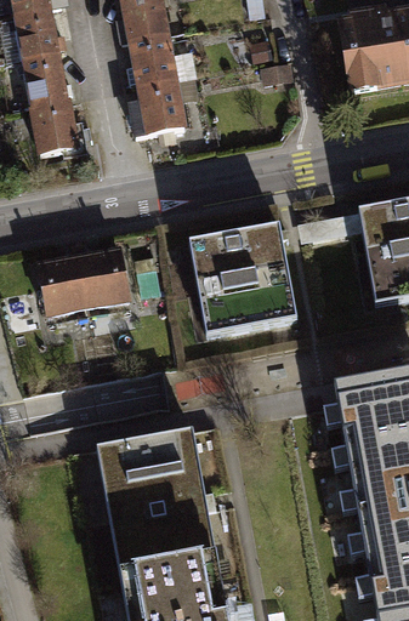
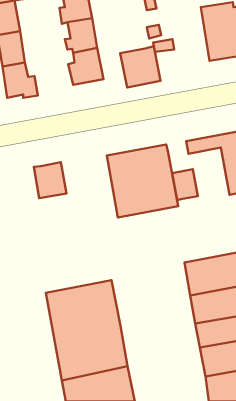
building: none -> [120,46,161,87]
building: [39,256,89,310] -> none
building: none -> [172,169,198,200]

